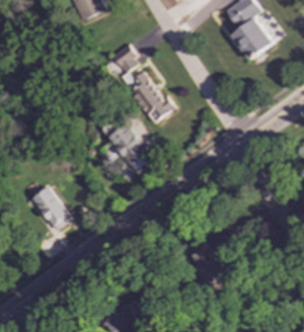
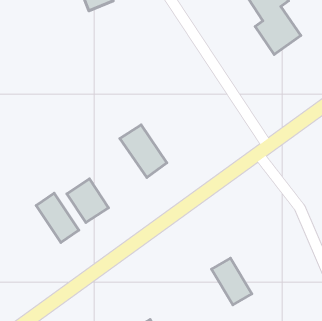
building: [112,45,172,122] -> none
building: none -> [67,179,109,223]

